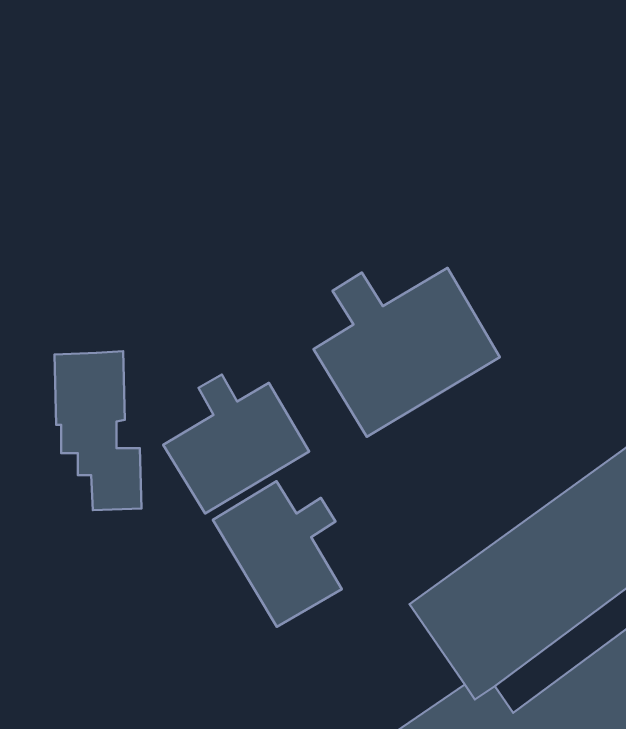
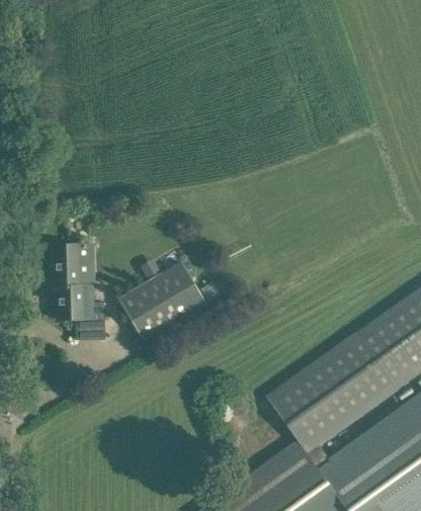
building: [313,268,500,437] -> none
building: [213,481,342,627] -> none

